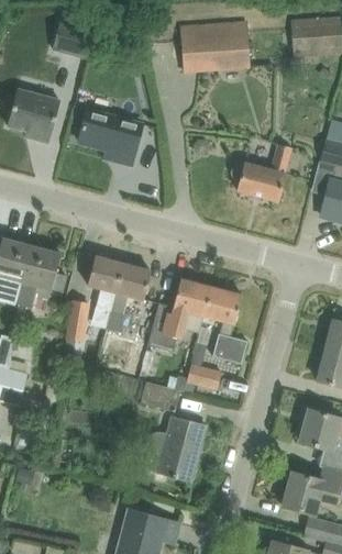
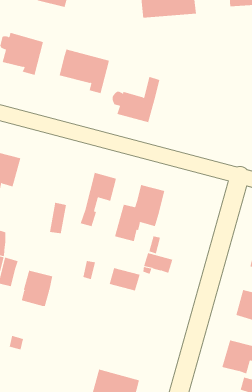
building: [231,143,291,201] -> [112,76,160,123]
building: [15,245,66,306] -> none
building: [87,252,122,310] -> none
building: [203,286,246,363] -> none
building: none -> [21,270,53,307]
building: [137,417,206,480] -> none

